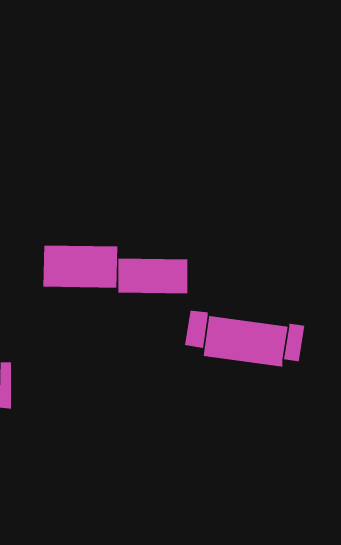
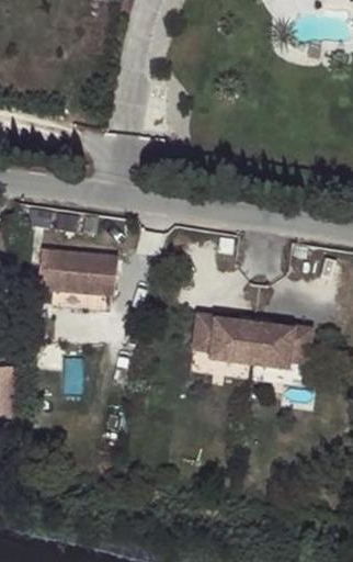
building: [118,258,188,294] -> none

